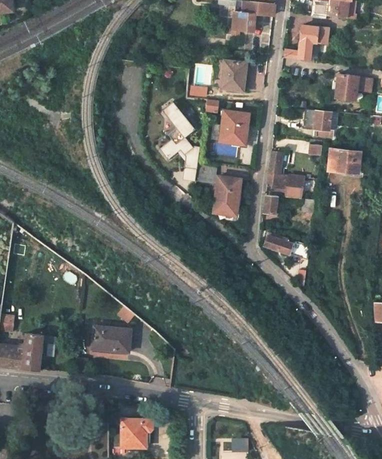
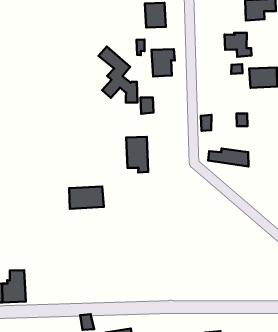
building: [268,150,303,199] -> none
building: [214,176,241,218] -> [126,137,148,173]
building: [93,326,133,353] -> [69,186,104,209]

